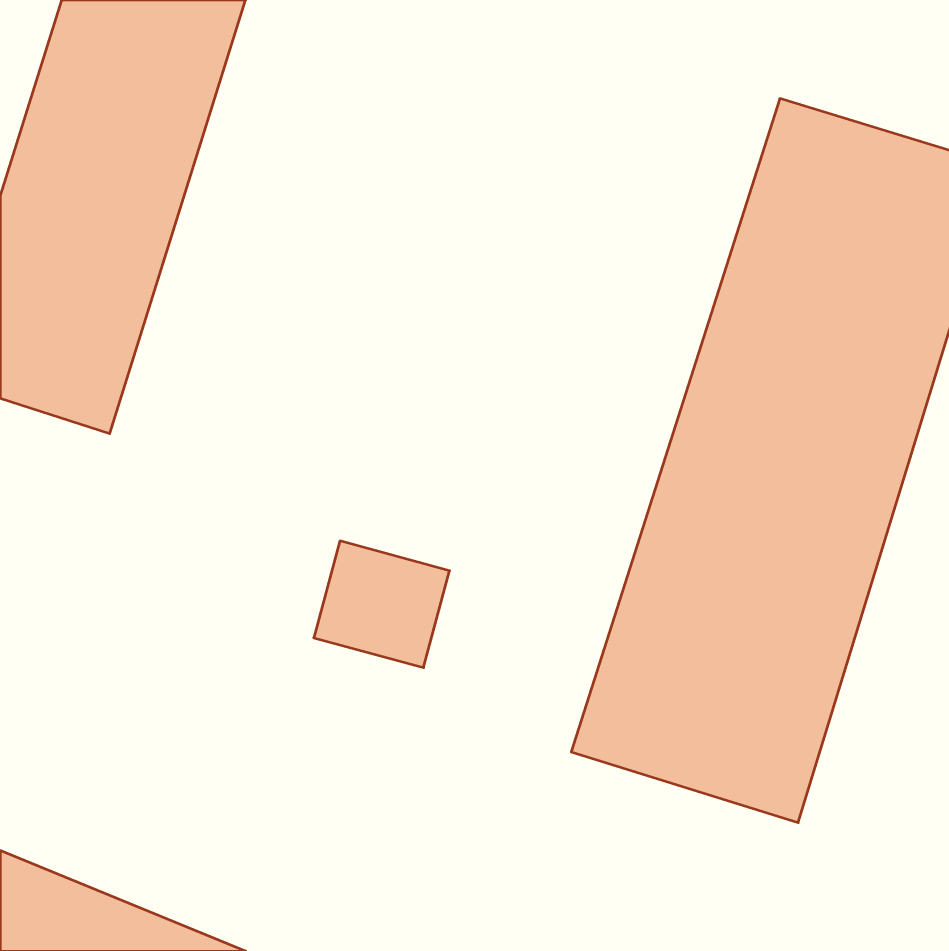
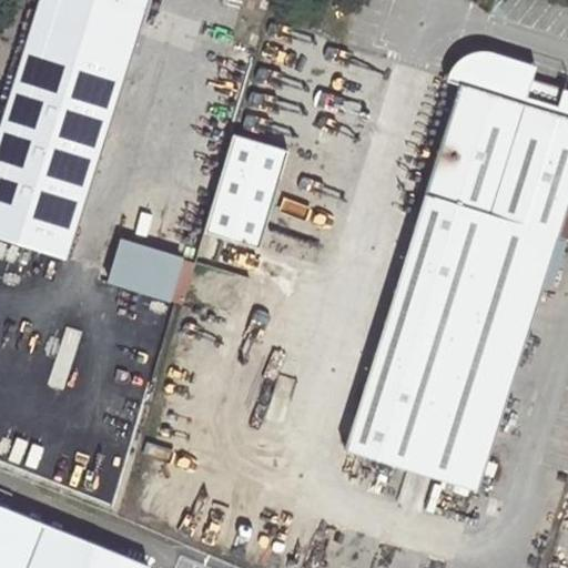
building: none -> [203,138,285,252]
building: [314,541,450,668] -> [110,239,191,314]

